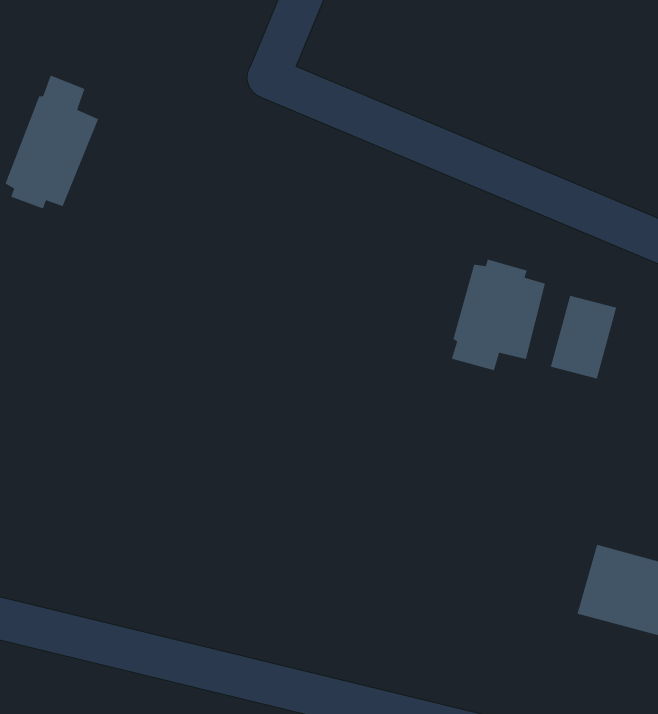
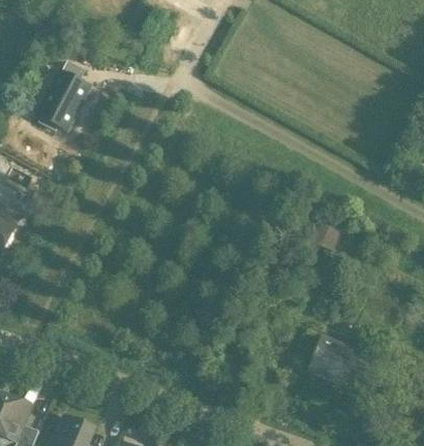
building: [451,258,546,371] -> none

